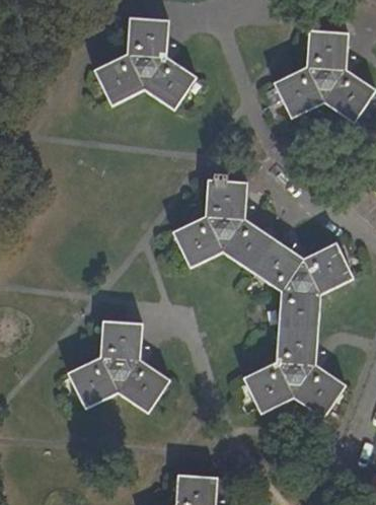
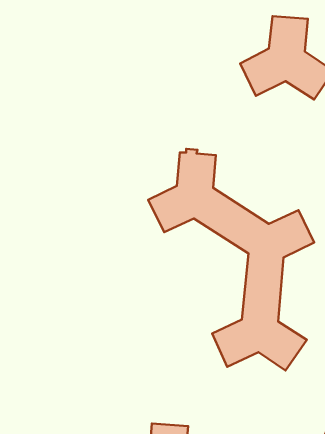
building: [94,17,196,109] -> none
building: [67,321,169,413] -> none

